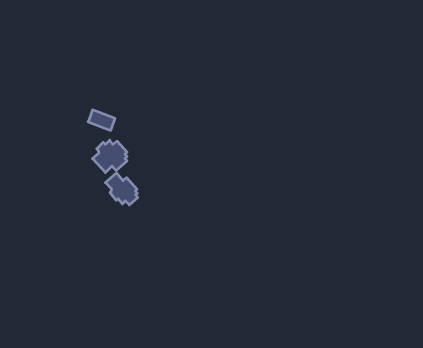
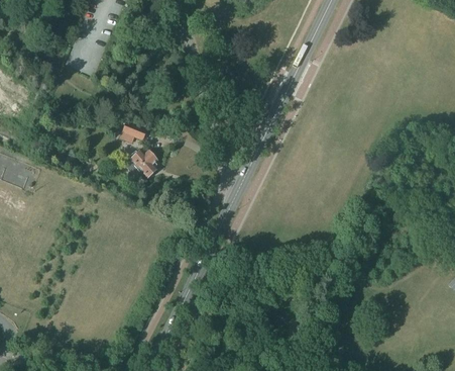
building: [105,173,138,205] -> none

